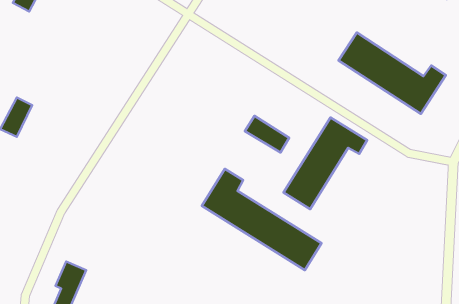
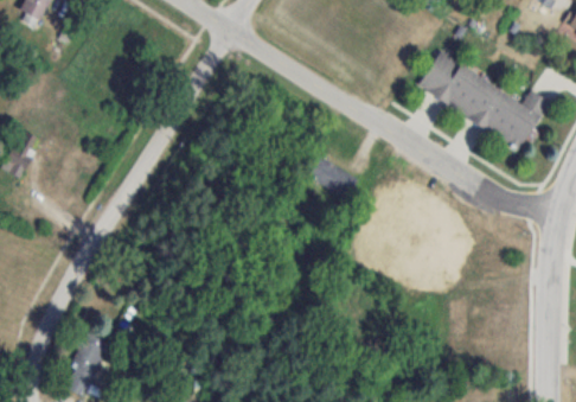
building: [283,117,367,209] -> none
building: [202,169,321,270] -> none

